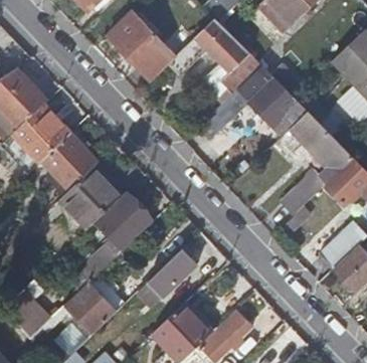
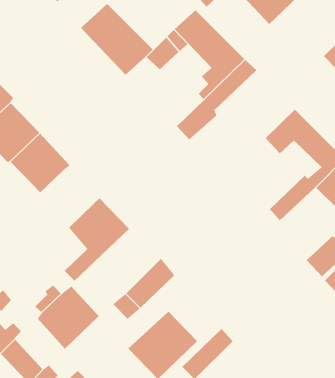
building: [250,79,297,124] -> none
building: [58,170,118,230] -> none

